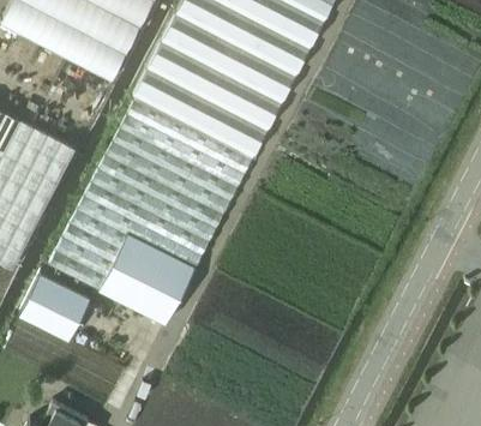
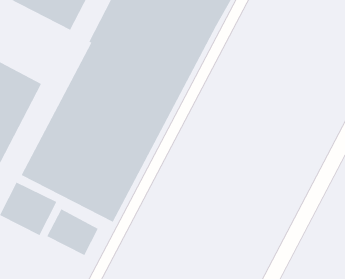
building: none -> [46,209,98,256]

